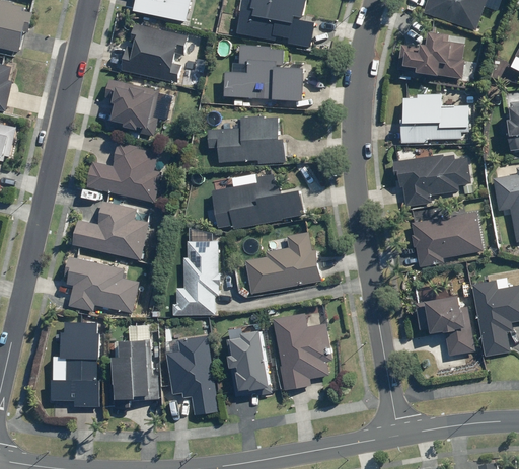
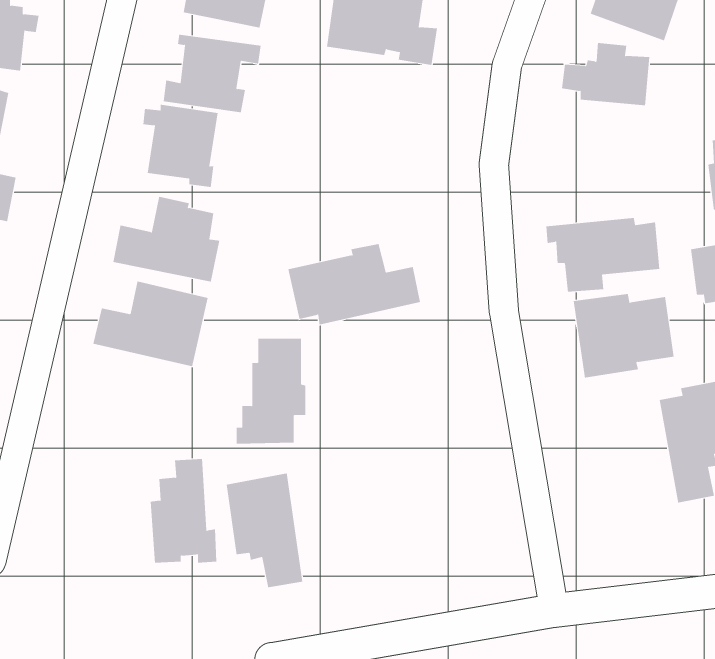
building: [223,44,303,106] -> none
building: [399,94,467,143] -> none
building: [207,116,283,164] -> none
building: [242,231,319,294] -> none
building: [65,255,137,314] -> none
building: [424,296,473,355] -> none
building: [272,304,328,391] -> none
building: [49,320,99,406] -> none
building: [225,324,272,396] -> none

